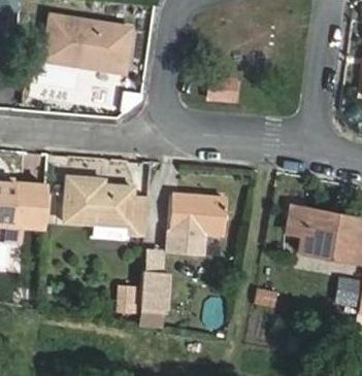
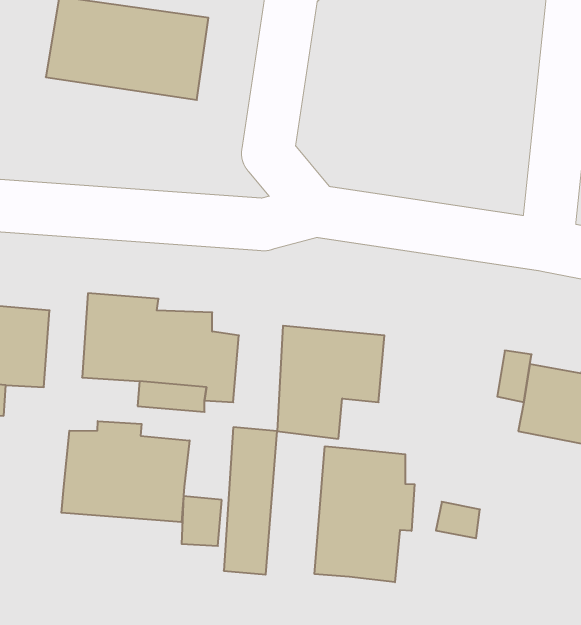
building: none -> [61,421,190,522]
building: none -> [315,446,415,582]

